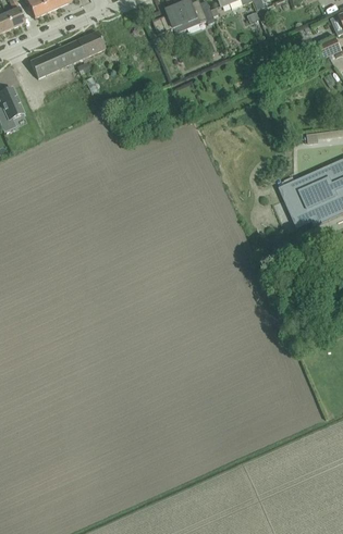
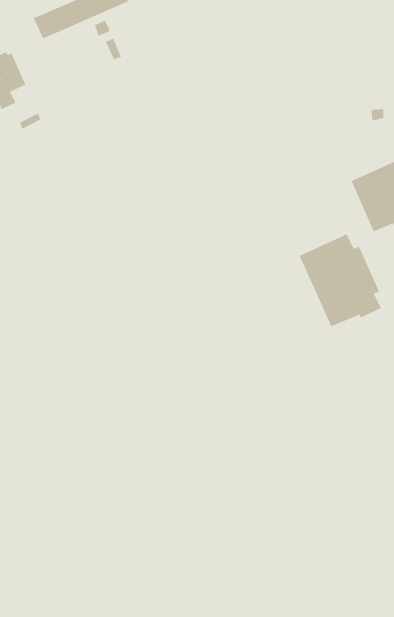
building: none -> [299,233,382,327]

